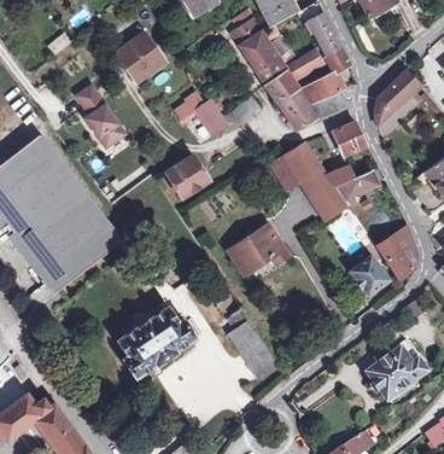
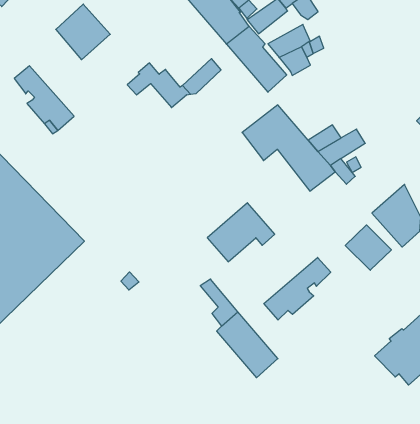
building: [375,70,419,124] -> none
building: [332,122,367,156] -> none
building: [166,156,208,197] -> none
building: none -> [264,257,331,320]
building: [119,305,195,377] -> none

